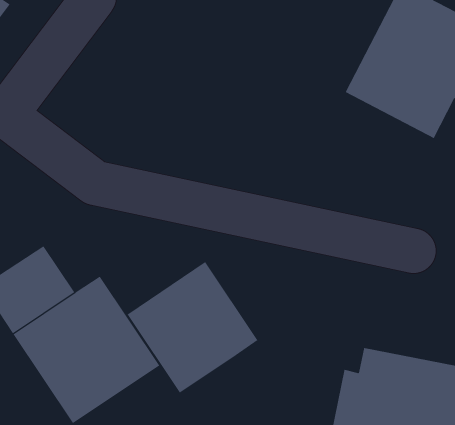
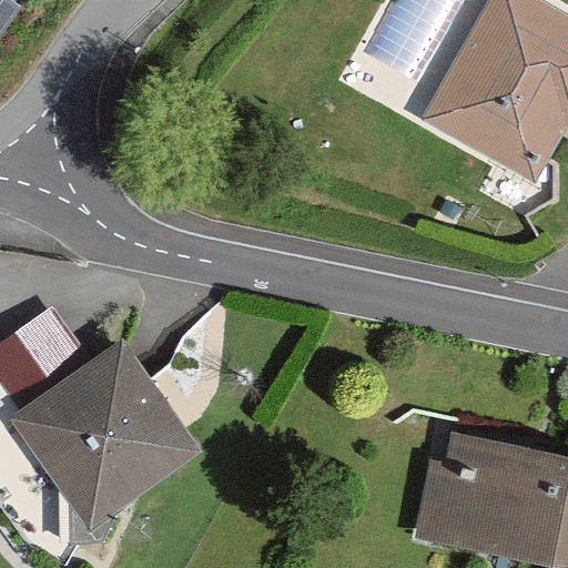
building: [127,261,258,393] -> none

